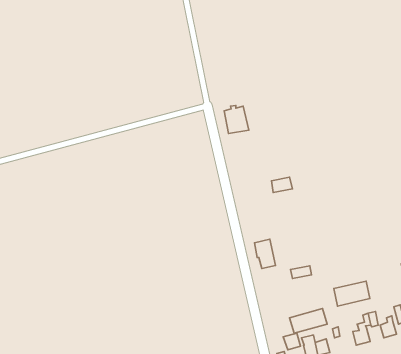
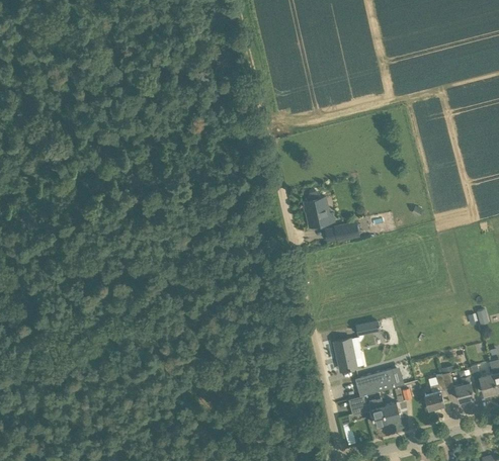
building: [224,105,249,134] -> [304,196,331,227]
building: [254,239,275,268] -> [334,339,357,371]
building: [334,281,370,306] -> none

